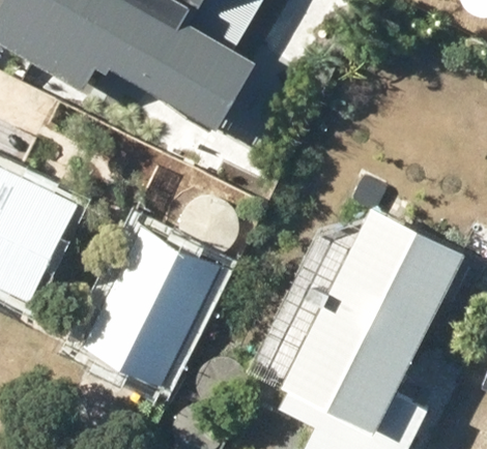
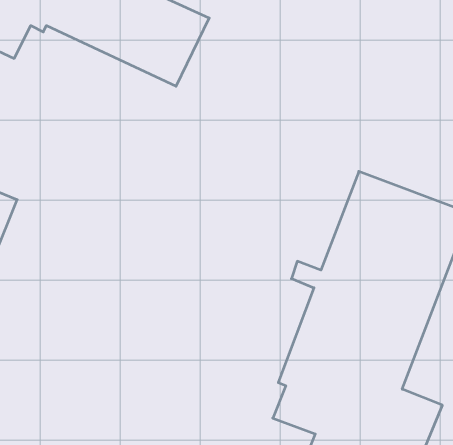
building: [82,229,220,388] -> none

